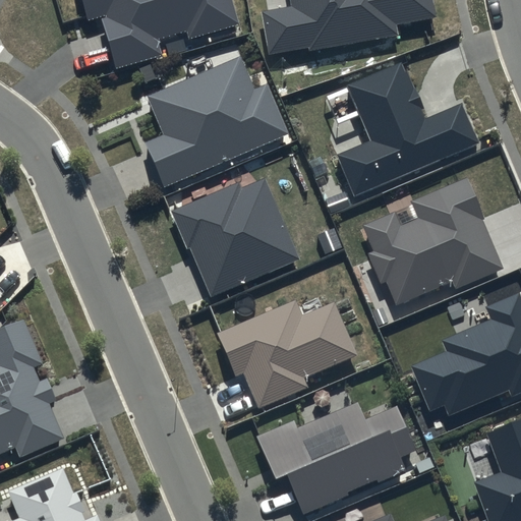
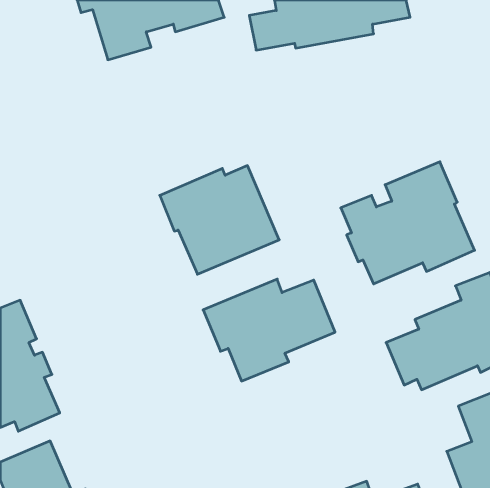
building: [143,55,287,186] -> none
building: [343,70,476,198] -> none
building: [256,402,414,513] -> none

